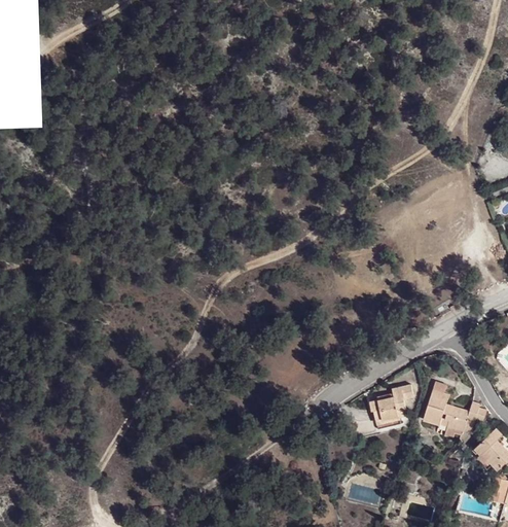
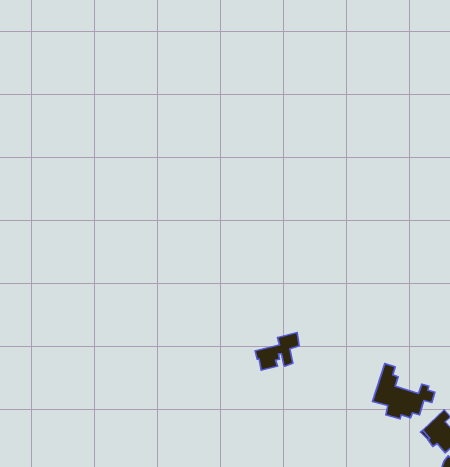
building: [369,384,413,422] -> [255,332,299,370]

